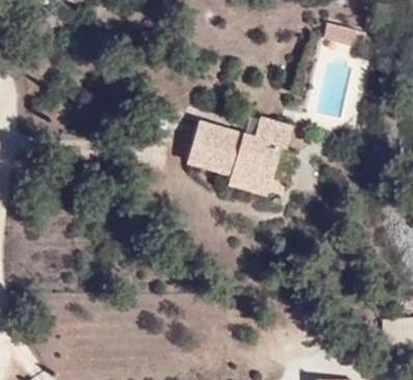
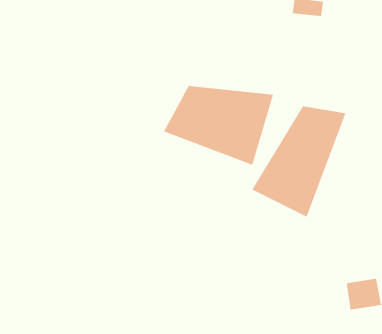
building: none -> [252,105,346,217]

